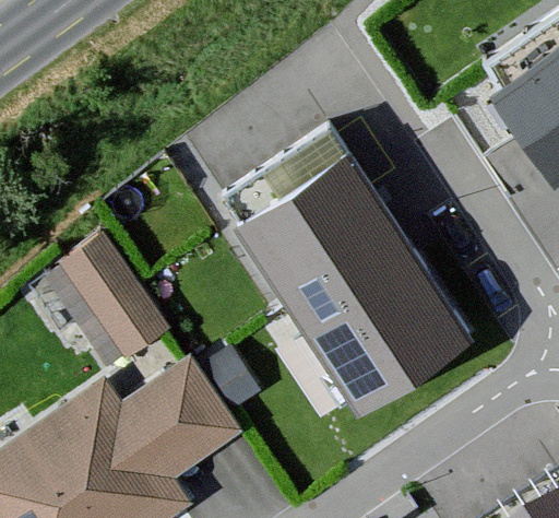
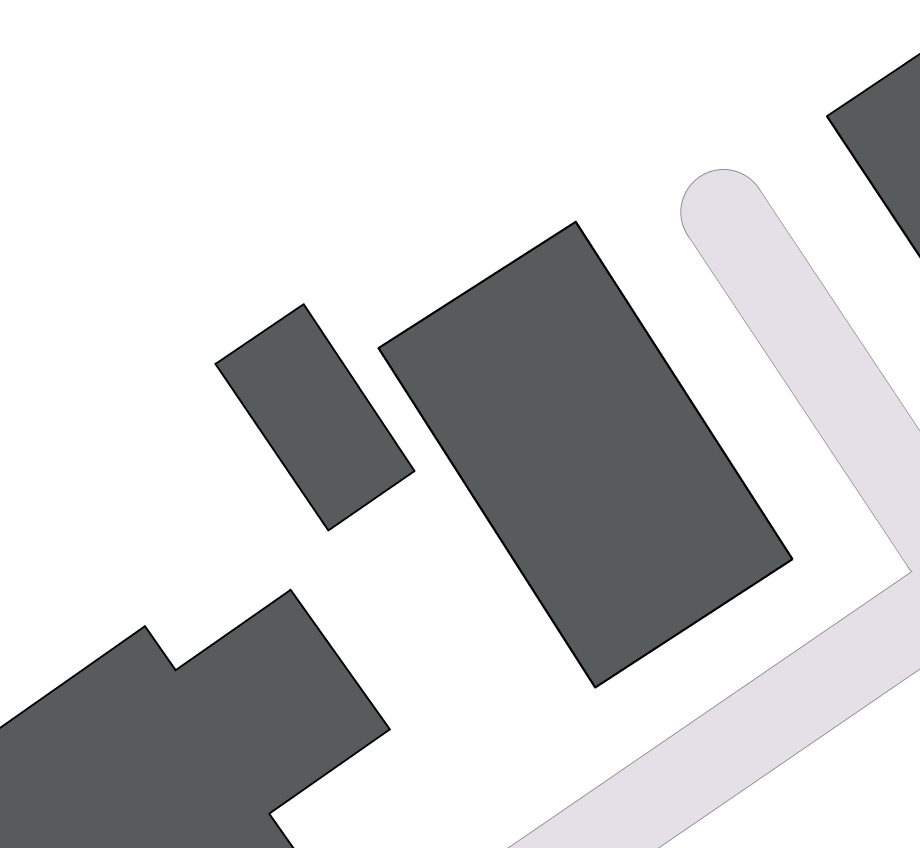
building: [53,233,167,362] -> [215,304,415,530]

